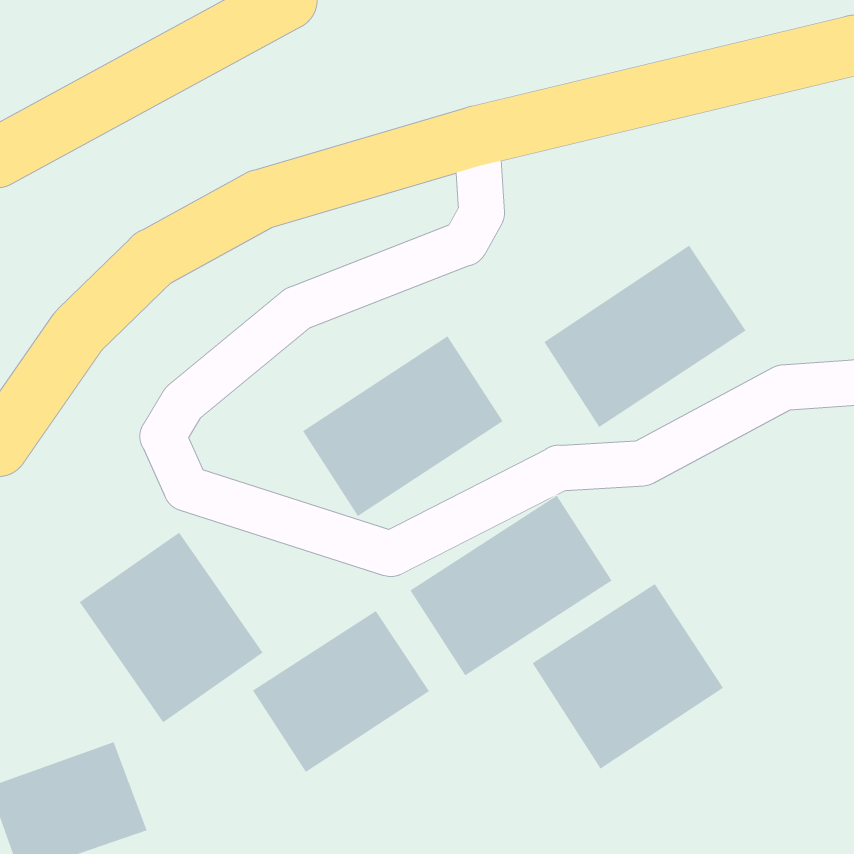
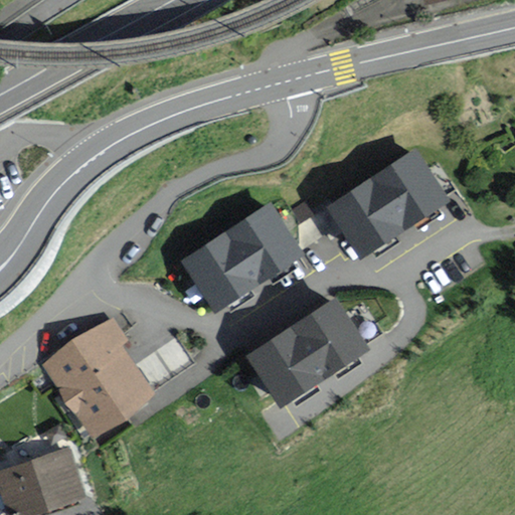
building: [532,583,724,769] -> none
building: [252,610,430,773] -> none

